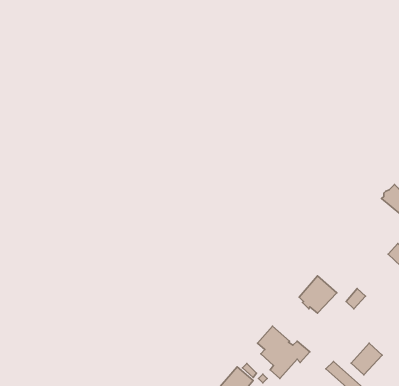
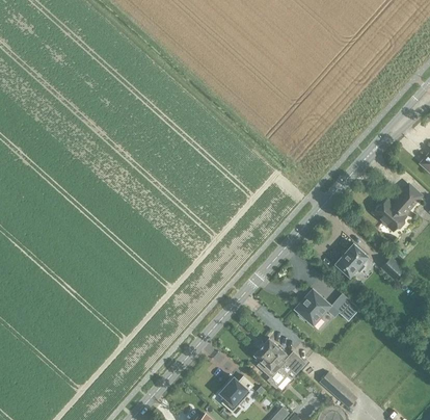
building: none -> [335,243,368,277]
building: [351,343,382,375] -> none

